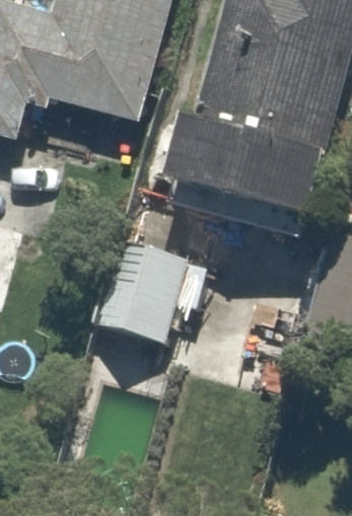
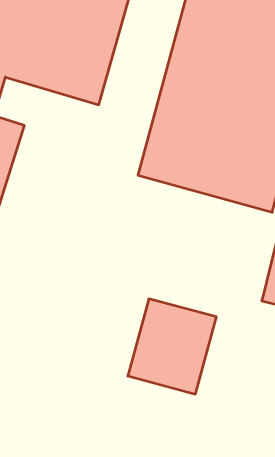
building: [94,237,189,339] -> [128,299,216,394]

